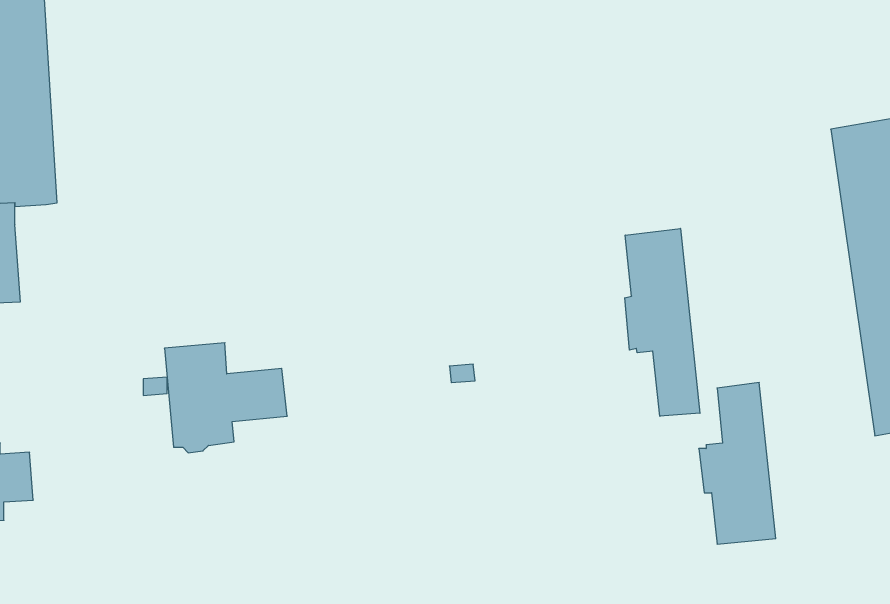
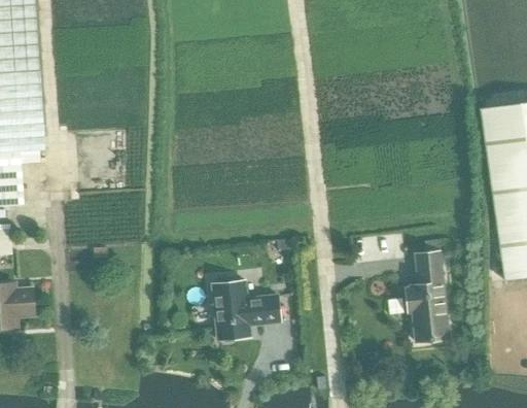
building: [625,228,700,416] -> none
building: [164,343,287,453] -> [211,279,280,341]

